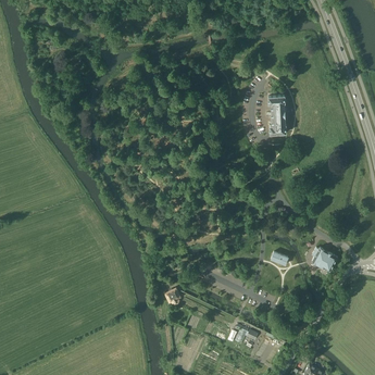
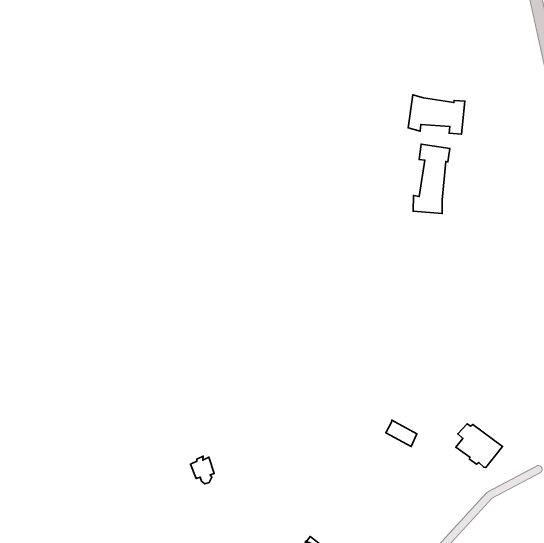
building: none -> [408,95,465,134]

